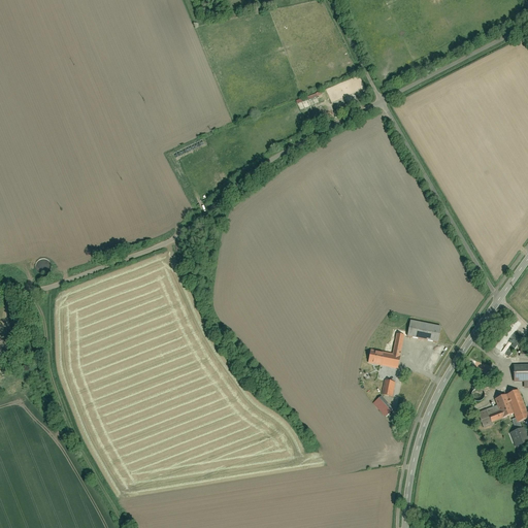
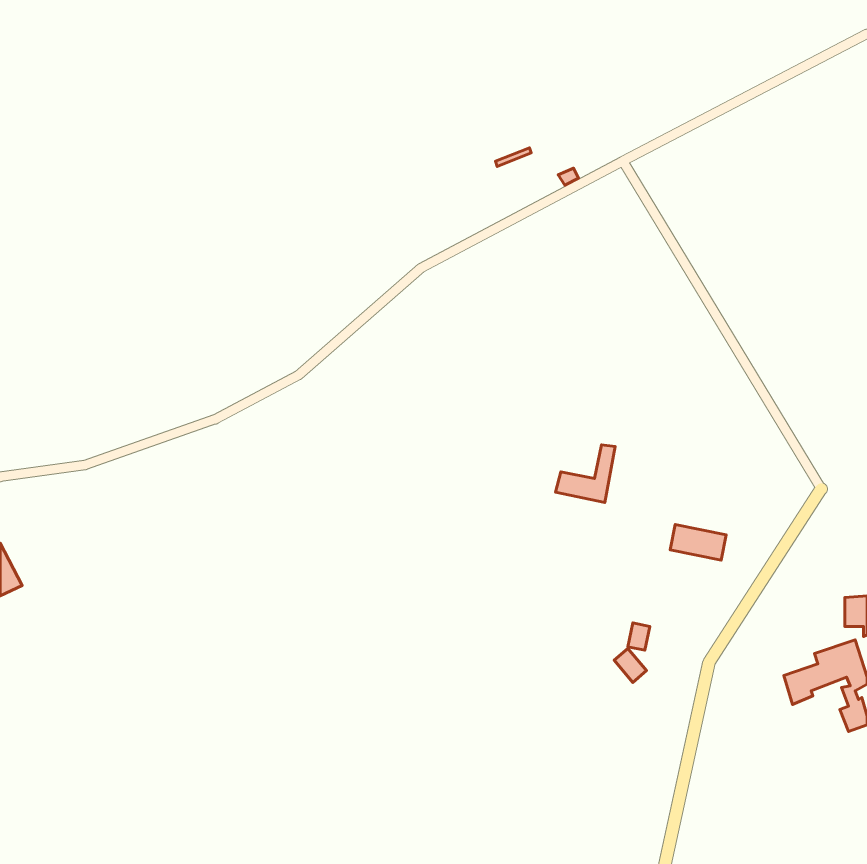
building: [368,332,404,367] -> [556,445,615,502]

